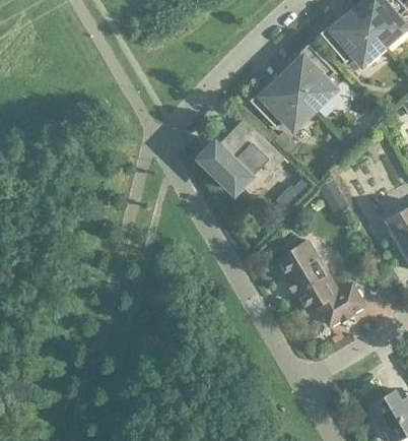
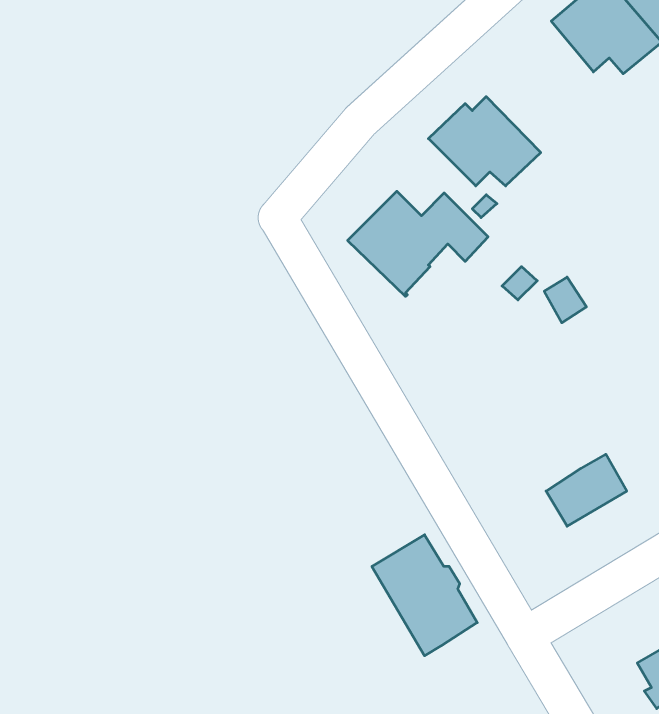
building: [283,45,336,110] -> none
building: [277,242,338,312] -> [372,535,477,656]

